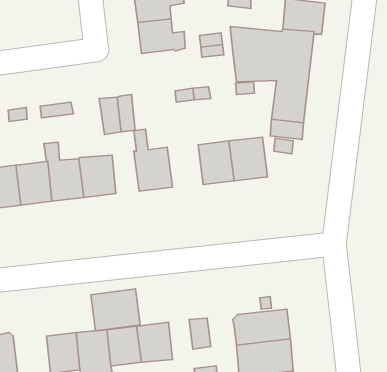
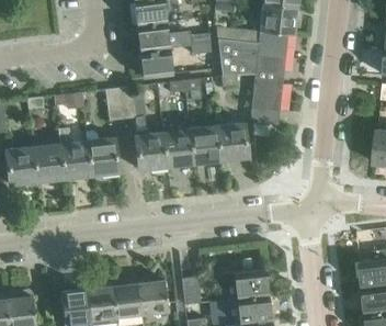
building: none -> [141,48,172,77]
building: none -> [162,124,194,166]
building: [91,289,140,331] -> none

